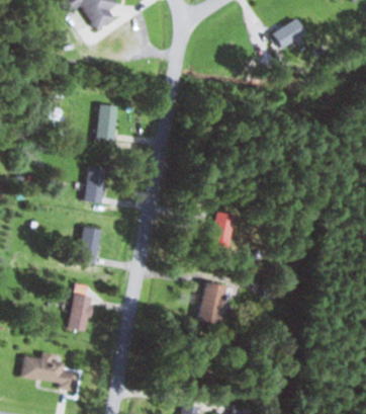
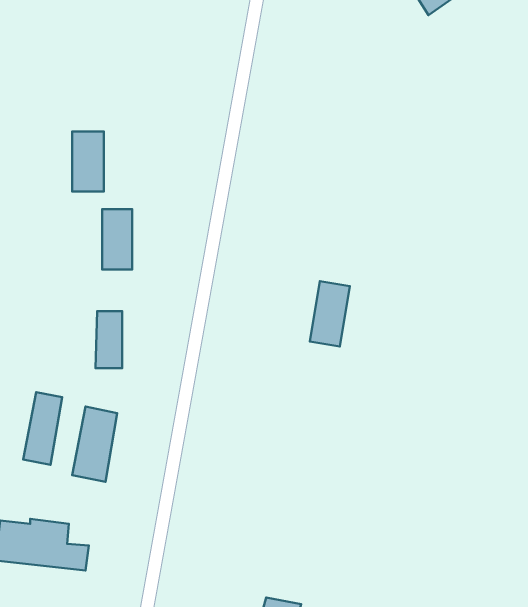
building: [97,104,116,141] -> [72,131,104,192]
building: none -> [23,392,62,465]
building: [199,281,227,324] -> none

